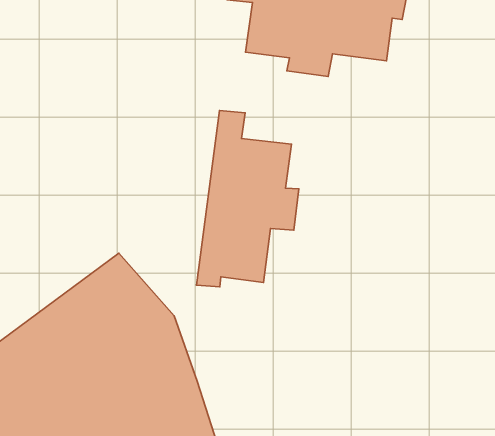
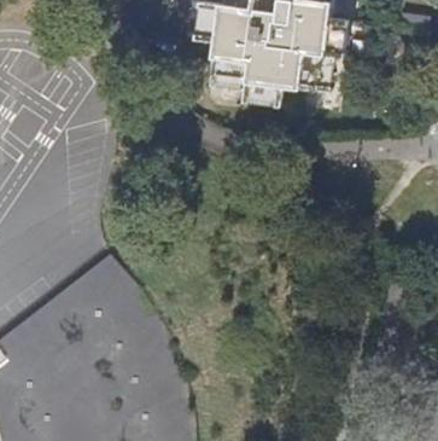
building: [197,111,299,287] -> none

